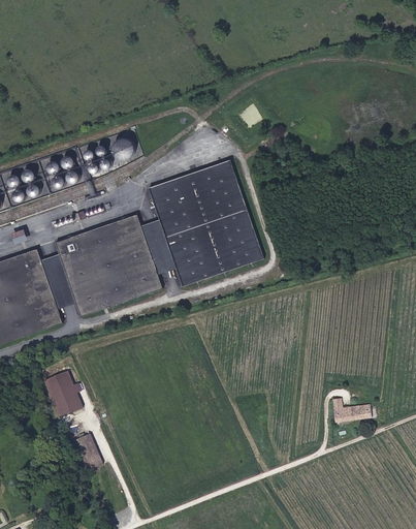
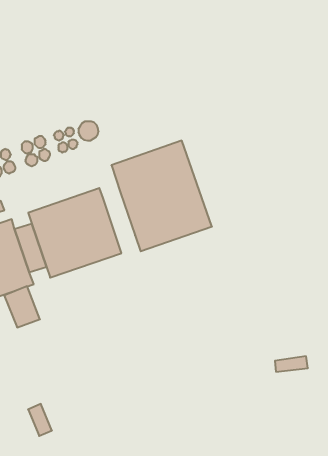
building: [140,218,177,274] -> none
building: [43,370,84,416] -> [4,286,40,327]
building: [76,433,103,469] -> [28,404,52,436]

